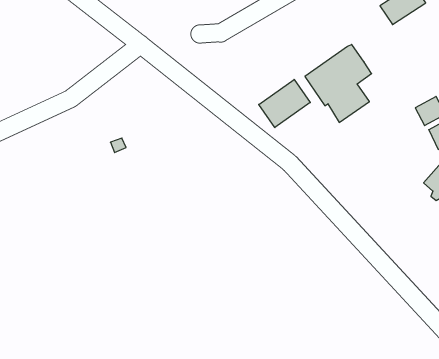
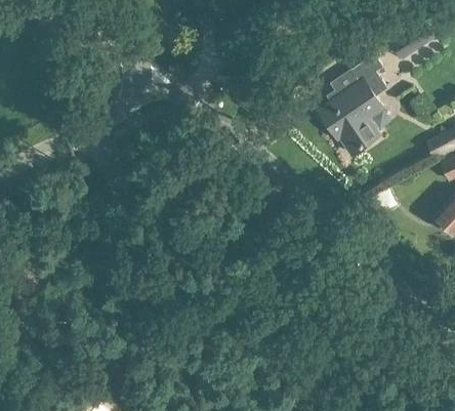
building: none -> [351,52,387,95]
building: [259,79,310,128] -> none

